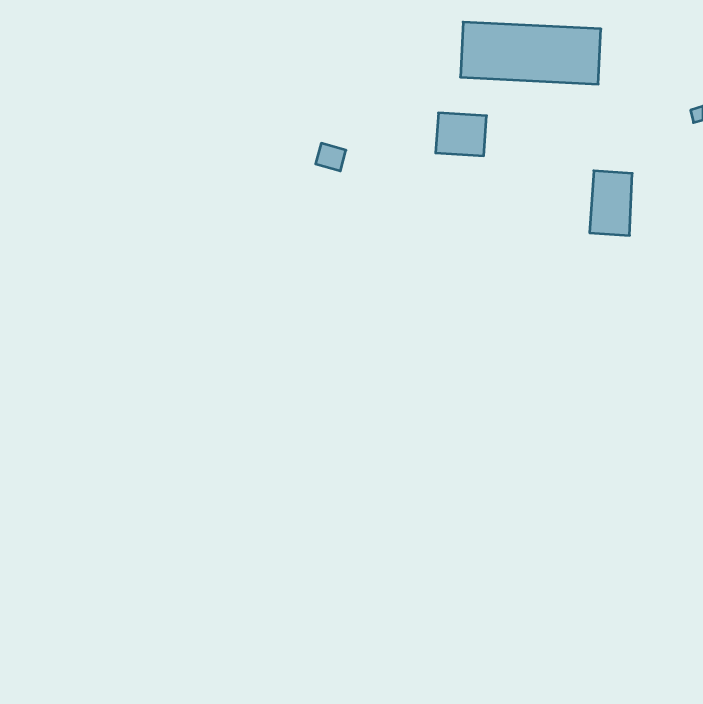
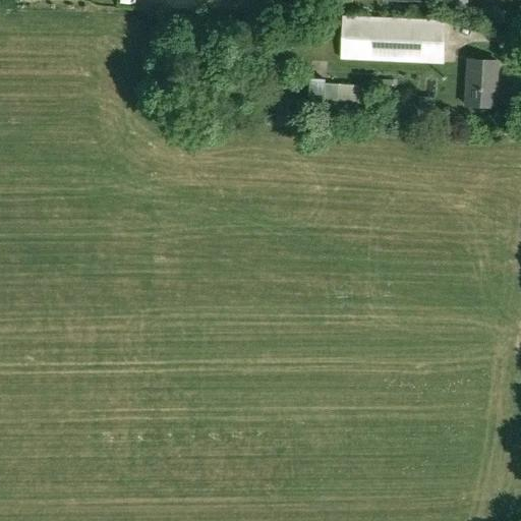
building: [590,171,632,235] -> [465,58,497,106]

